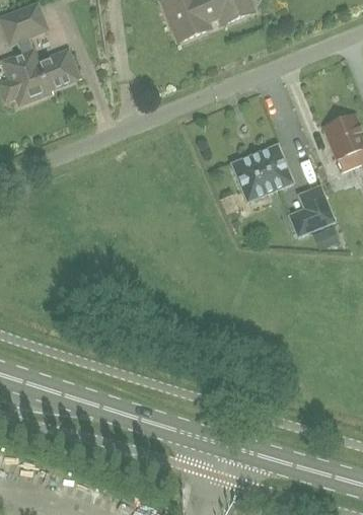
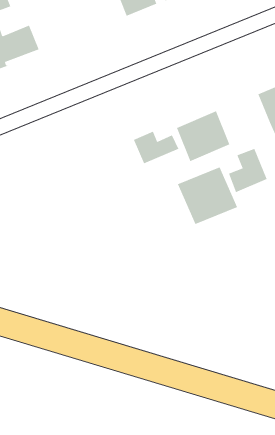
building: none -> [133,131,179,164]
building: none -> [177,166,238,225]

